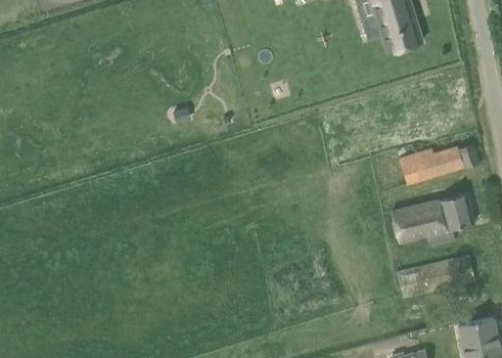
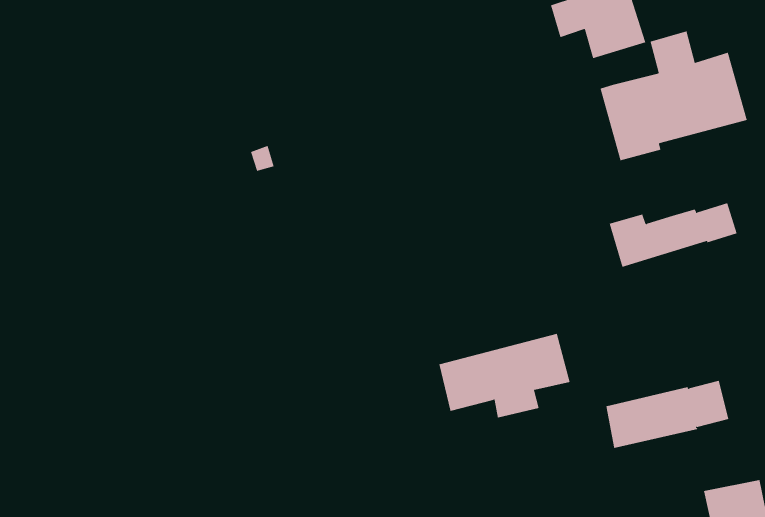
building: none -> [600,30,748,161]
building: [392,192,474,245] -> [439,333,571,418]

